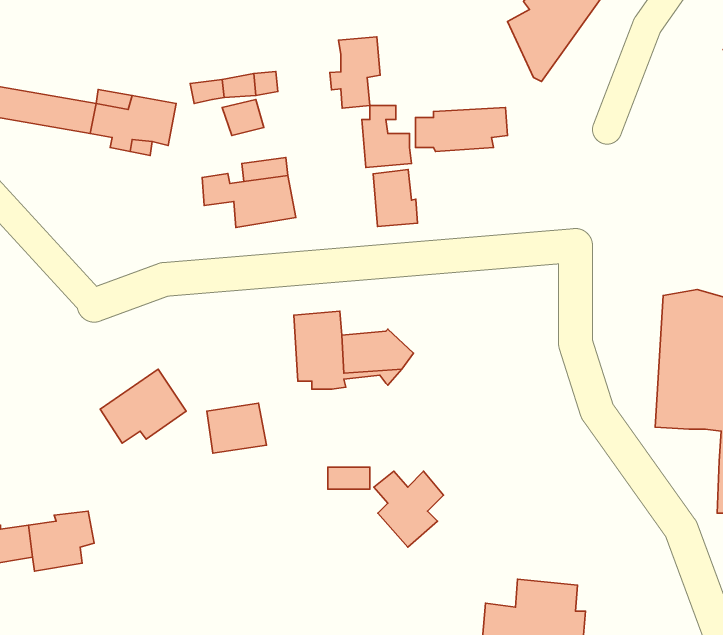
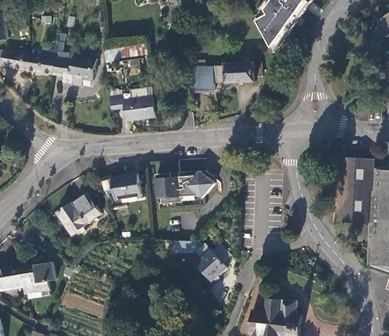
building: [330,37,380,108] -> none
building: [373,170,417,227] -> none
building: [207,403,267,453] -> [111,175,141,200]

